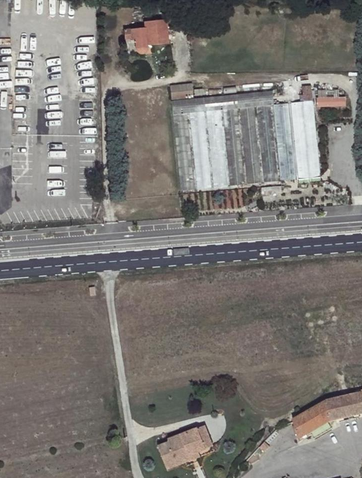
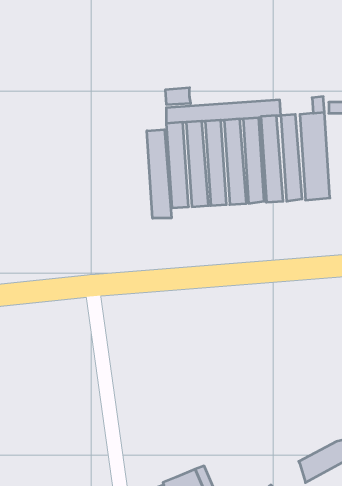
building: [124,18,168,51] -> none
building: none -> [147,130,171,218]

